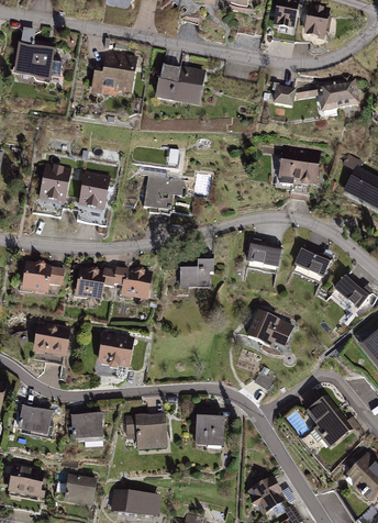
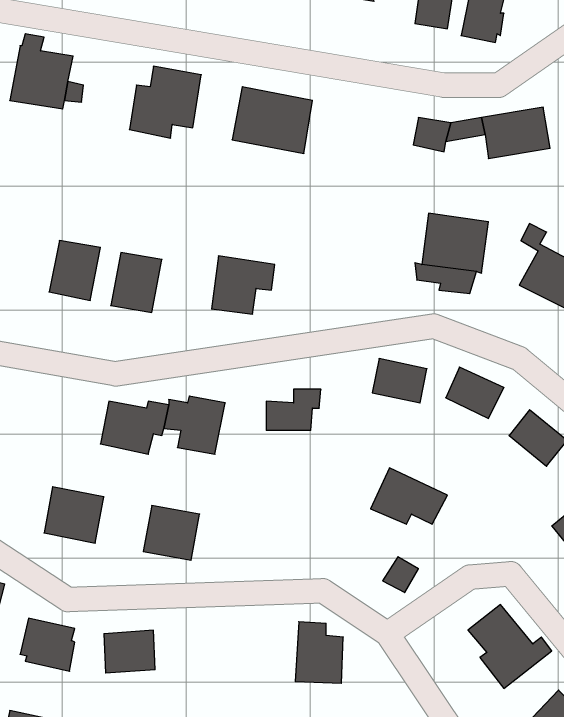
building: [20,263,64,293] -> none
building: [127,414,170,453] -> none

